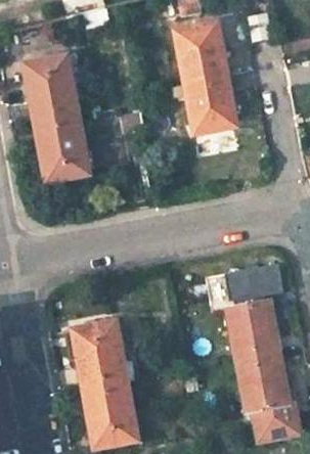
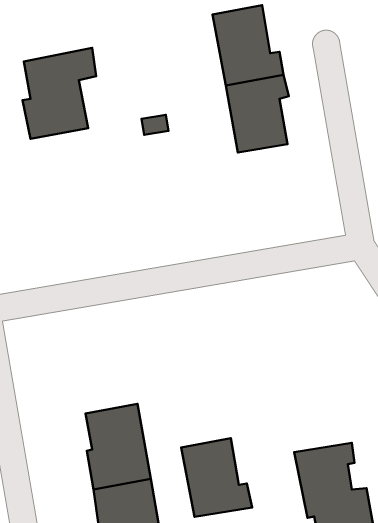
building: [34,115,89,182] -> none
building: [222,258,282,301] -> none
building: [225,302,279,362] -> [181,438,252,517]

